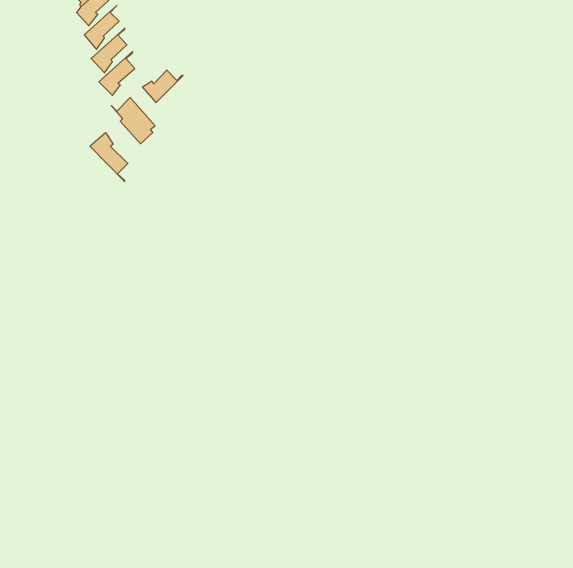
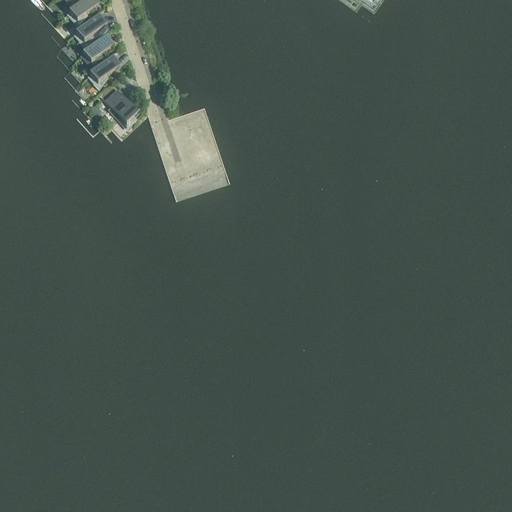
building: [142,70,183,103] -> none
building: [90,133,128,182] -> none

